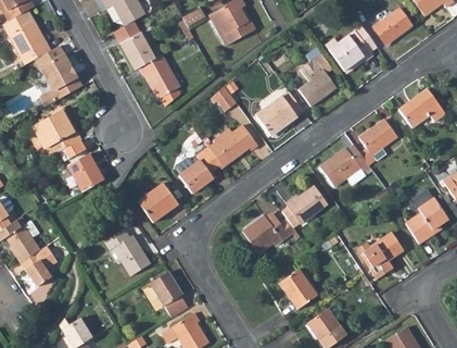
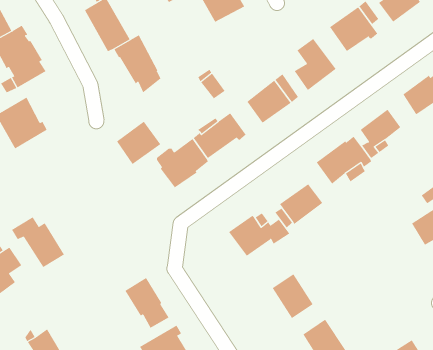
building: [67,154,102,191] -> none
building: [139,182,179,221] -> [116,121,161,165]
building: [102,229,150,275] -> [11,217,65,268]
building: [356,233,402,279] -> none

